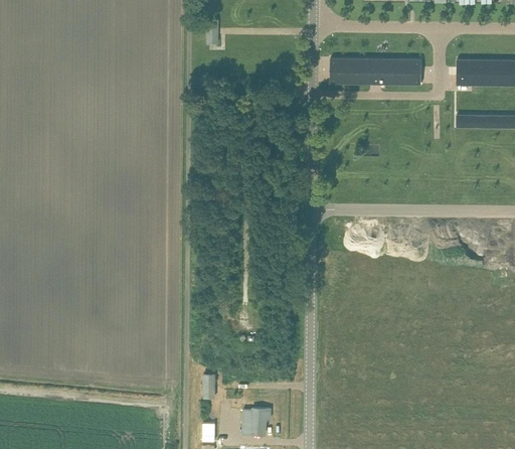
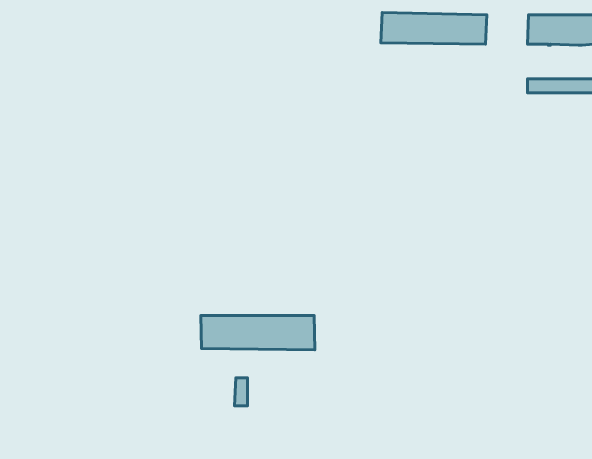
building: none -> [201,315,315,350]
building: [242,408,271,435] -> none

